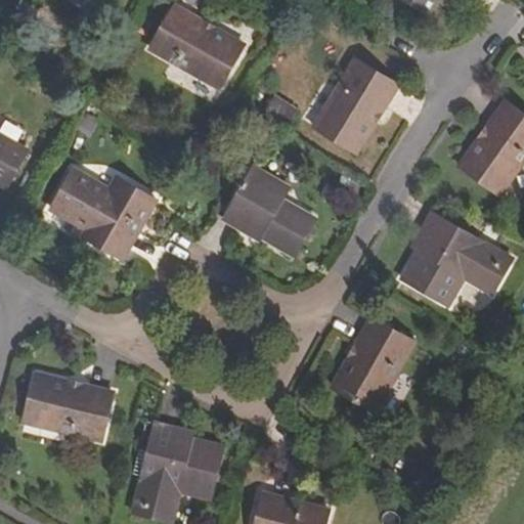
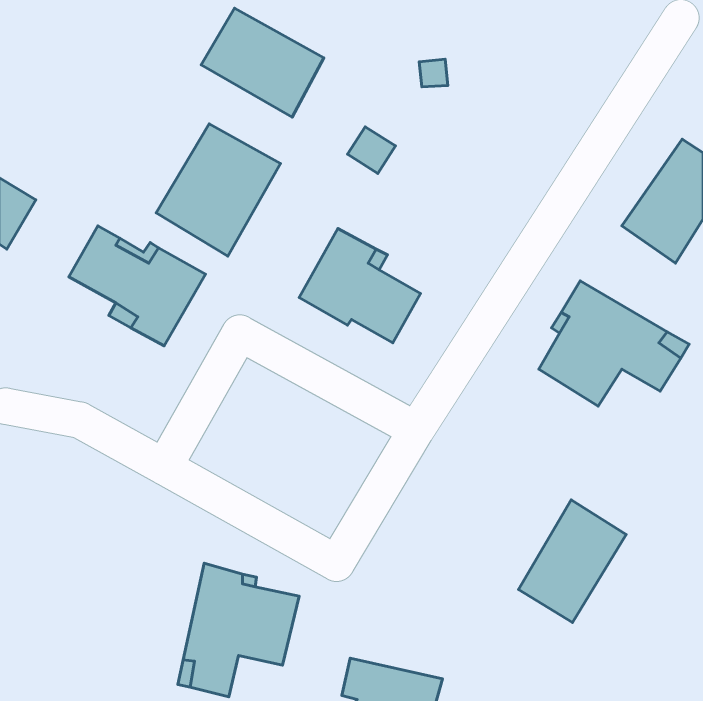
building: [312,54,395,145] -> none
building: none -> [156,124,280,256]
building: [335,318,414,409] -> [519,500,626,623]
building: [28,374,113,438] -> none

